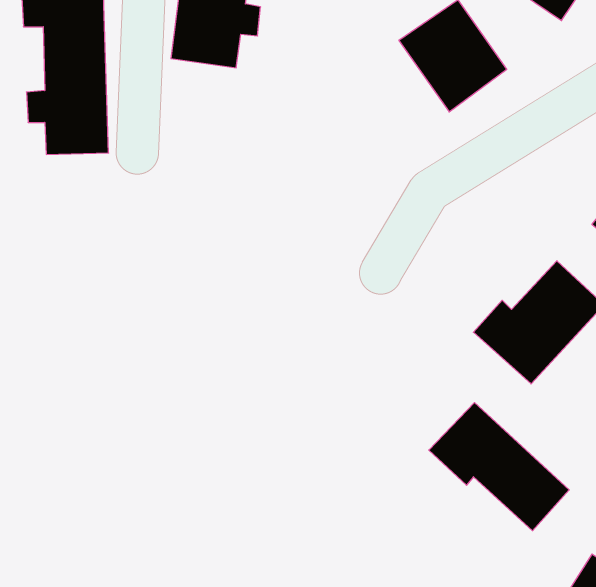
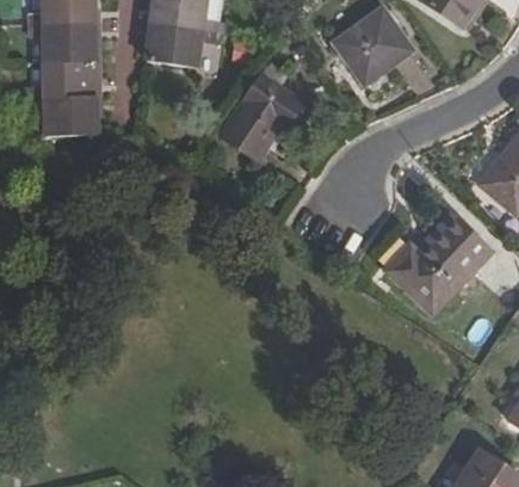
building: none -> [215,81,294,172]
building: [429,403,569,531] -> none

